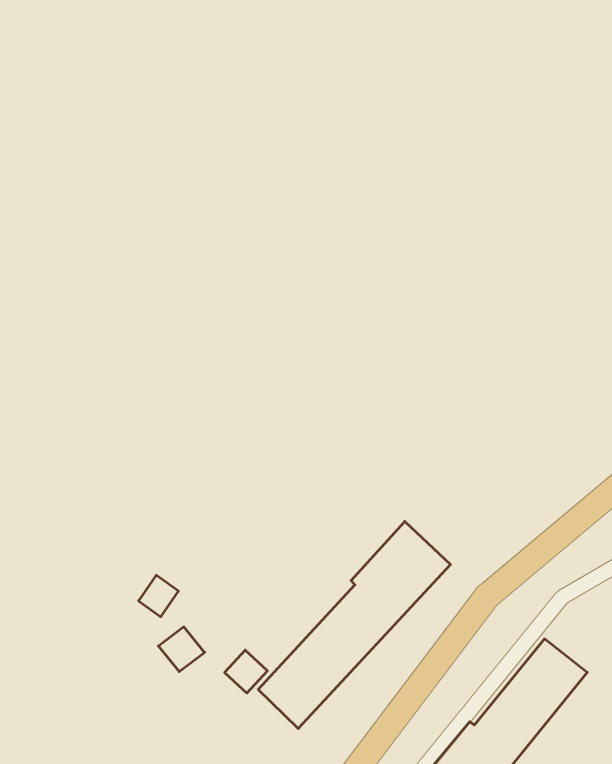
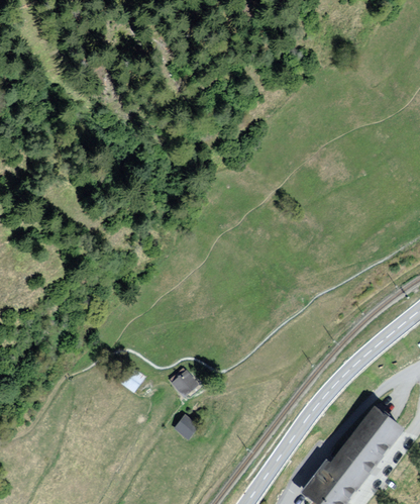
building: [258,521,450,729] -> none
building: [158,627,205,672] -> [171,372,200,400]

